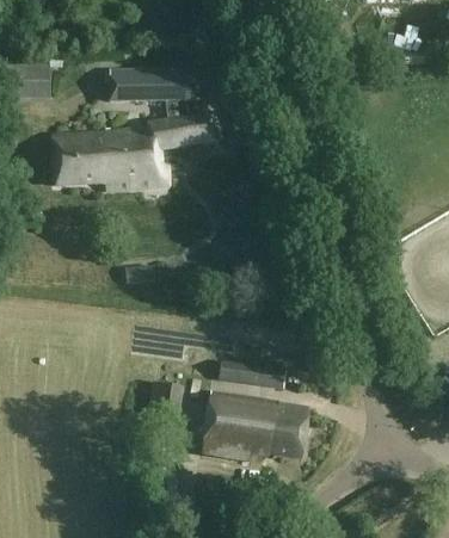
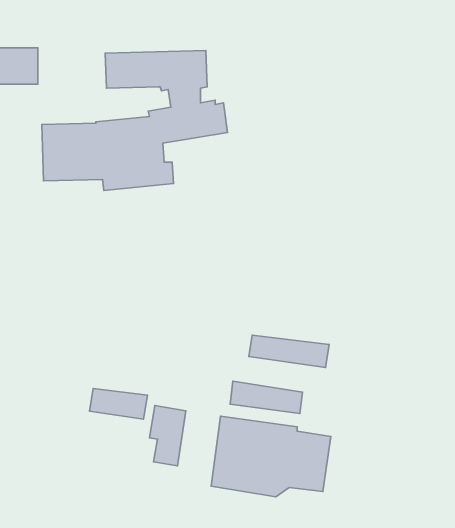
building: none -> [249,335,329,367]
building: none -> [90,389,147,419]

